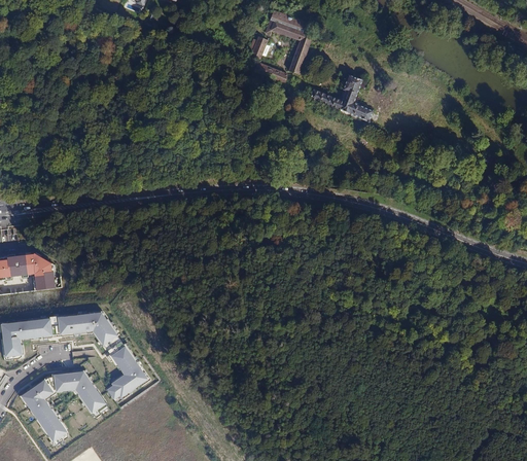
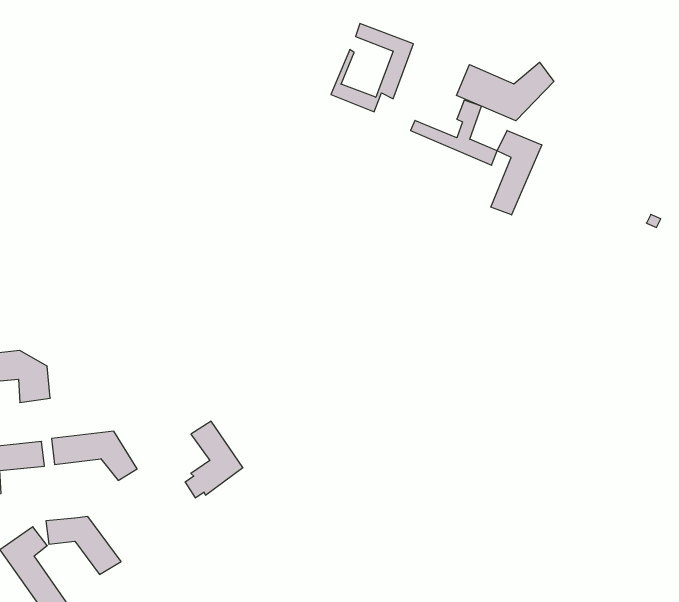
building: none -> [457,62,554,121]
building: none -> [491,130,542,215]
building: [106,346,147,400] -> [185,421,243,498]

